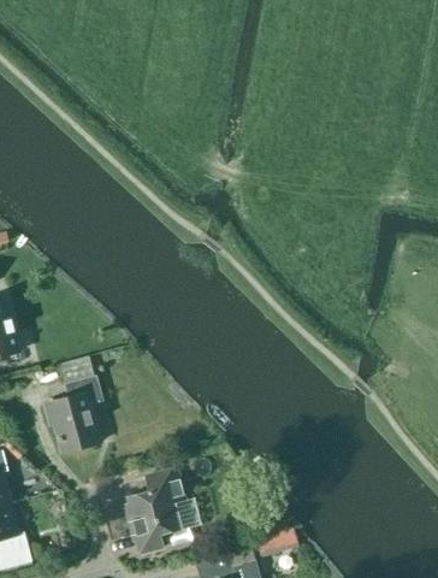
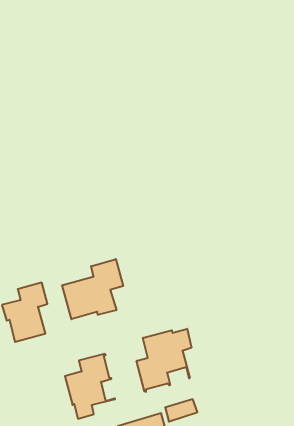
building: none -> [62,259,123,319]
building: none -> [137,329,191,392]

